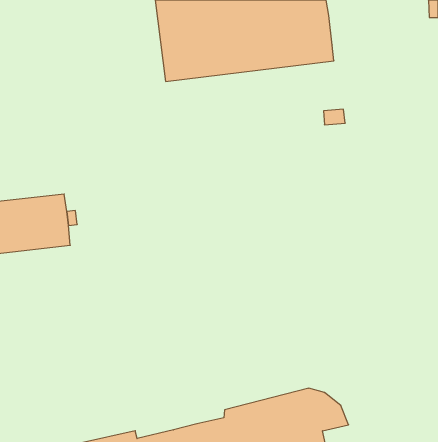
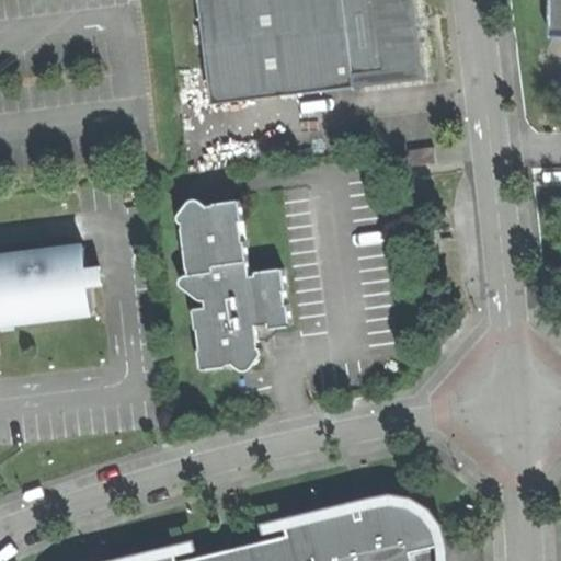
building: none -> [176,198,286,368]

